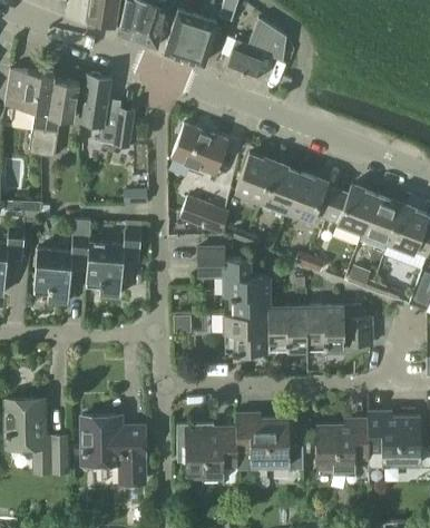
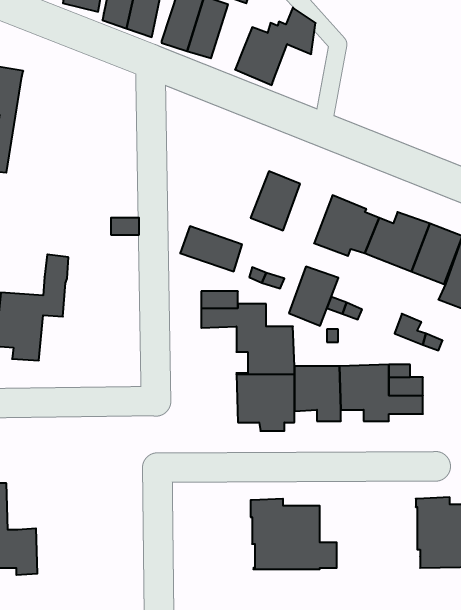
building: [80,75,135,146] -> none
building: [42,79,80,157] -> none
building: [170,124,228,175] -> none
building: [261,164,300,211] -> [289,267,338,326]
building: [85,222,141,295] -> none
building: [80,415,144,481] -> none
building: [315,419,369,469] -> none
building: [176,423,238,478] -> none

